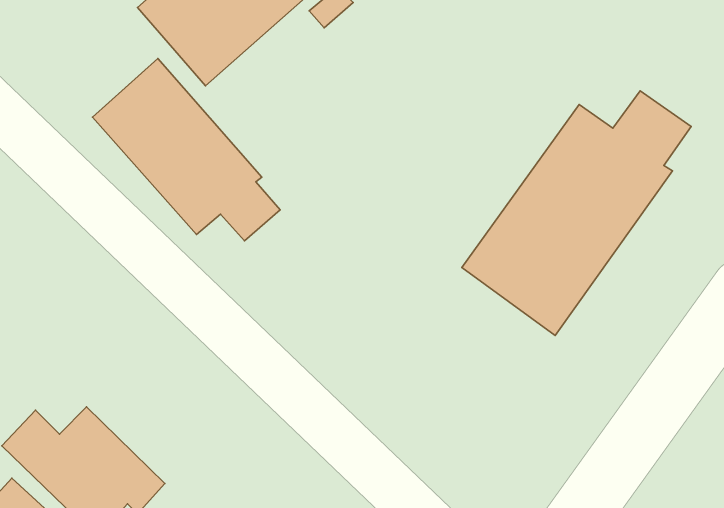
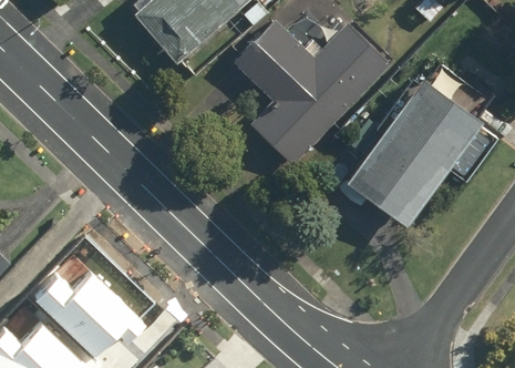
building: none -> [229,18,392,166]
building: [92,59,280,241] -> none

